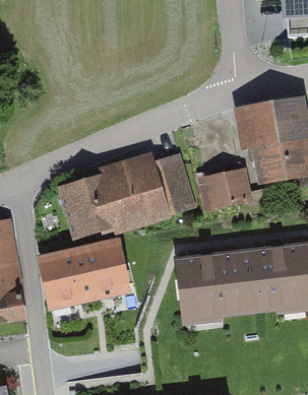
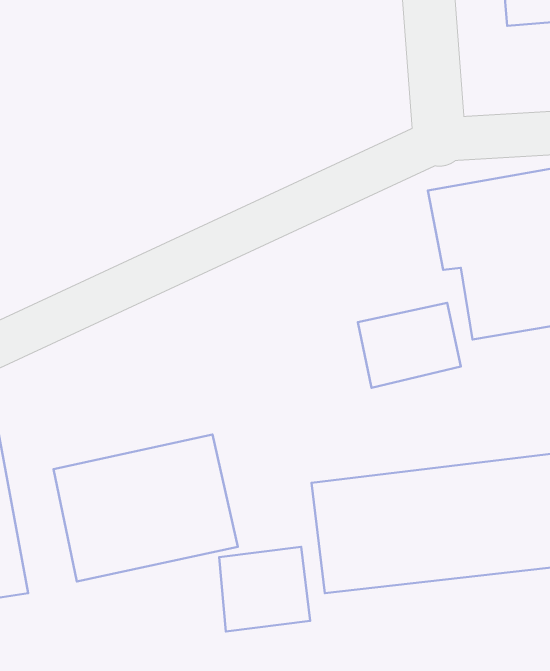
building: [56,151,195,242] -> none
building: none -> [219,547,310,632]

